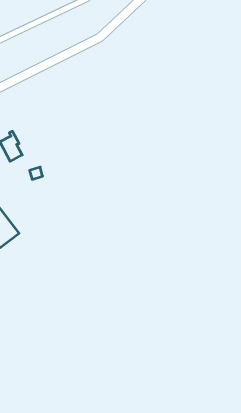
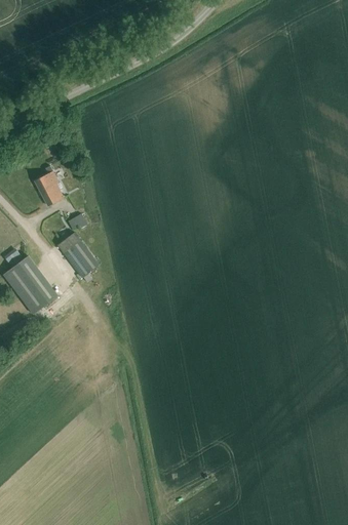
building: none -> [59,232,98,275]

